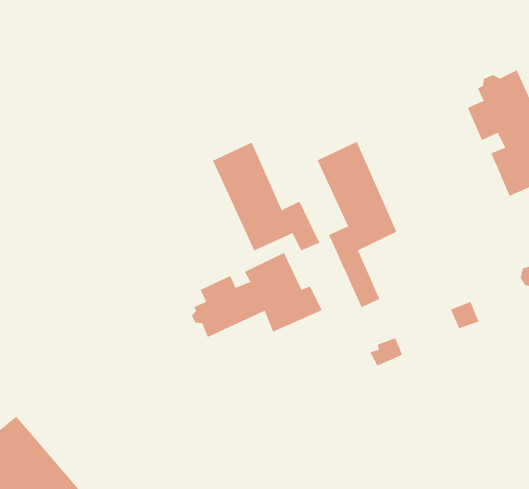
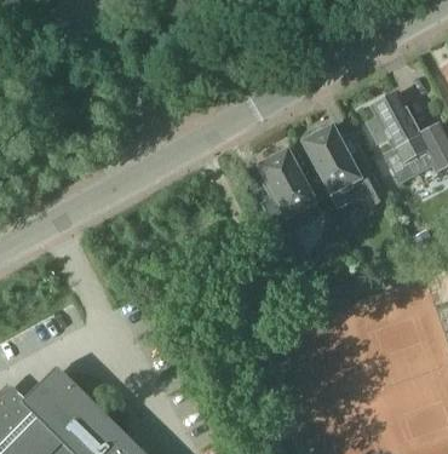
building: [212,142,320,251] -> [304,127,386,206]
building: [191,252,323,338] -> none

